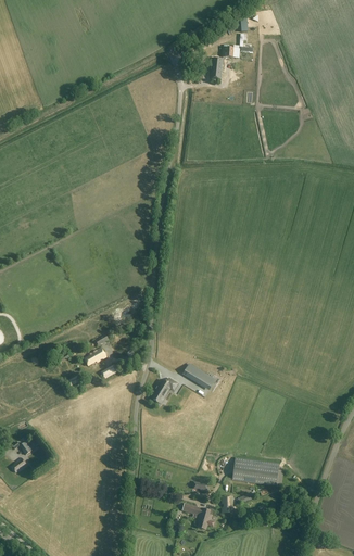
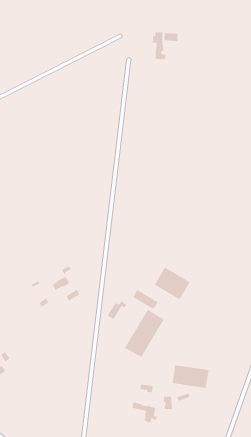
building: none -> [154,266,191,300]
building: none -> [124,309,164,358]

